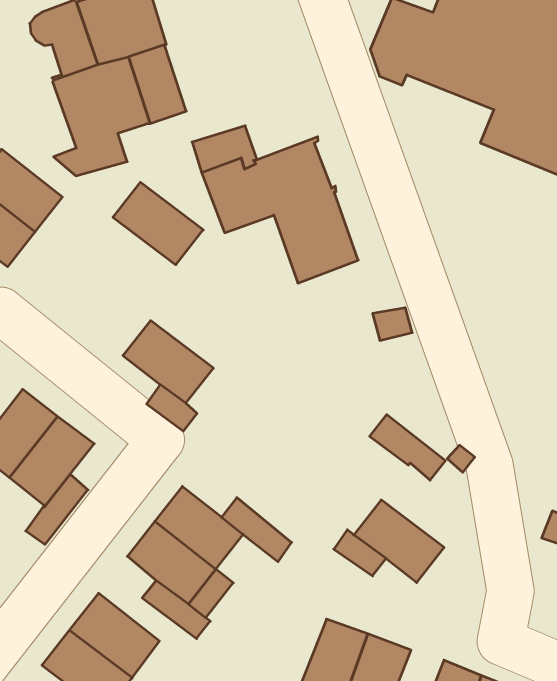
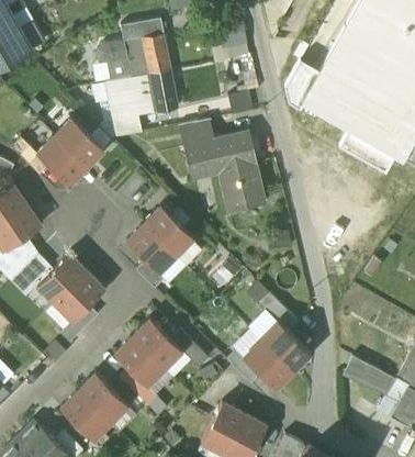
building: [113,182,203,265] -> [144,207,193,255]
building: none -> [260,321,310,370]

